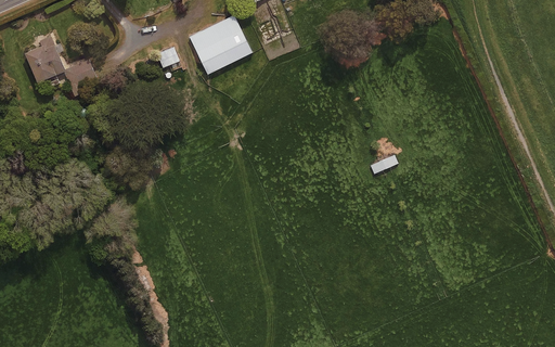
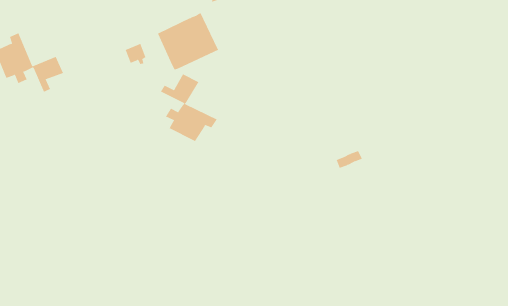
building: none -> [160,73,217,142]

